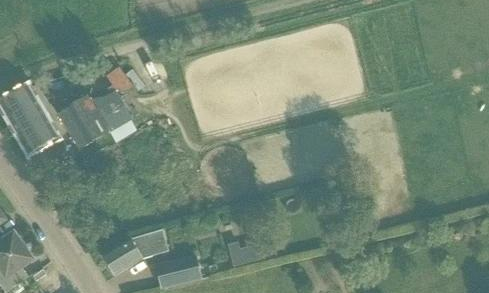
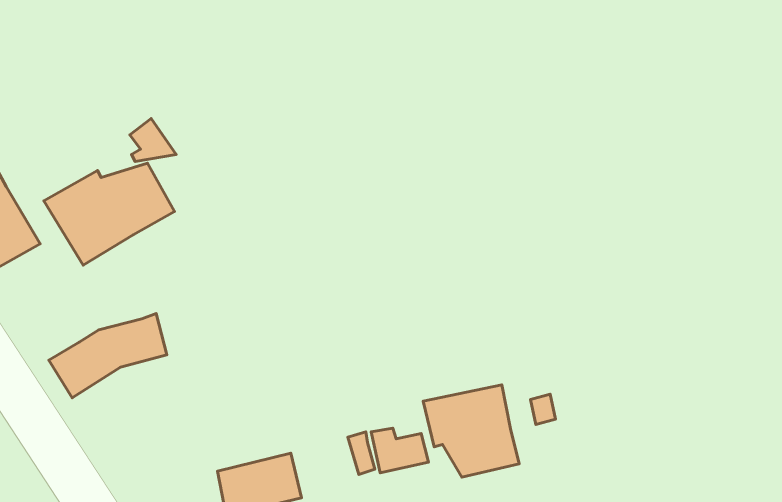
building: none -> [423,385,519,477]
building: [102,229,168,276] -> [49,314,167,398]

